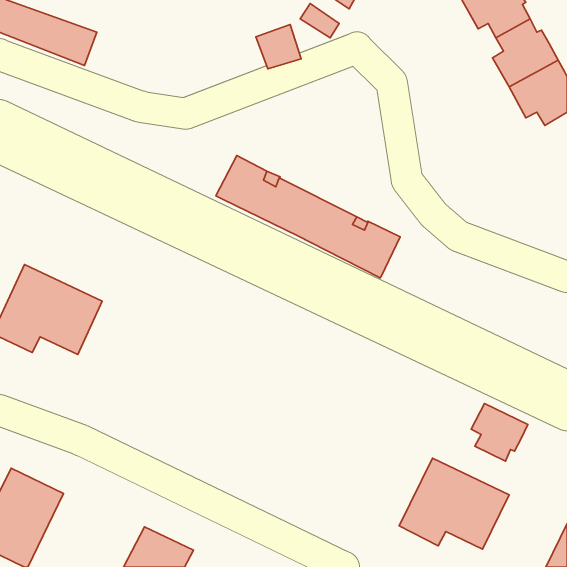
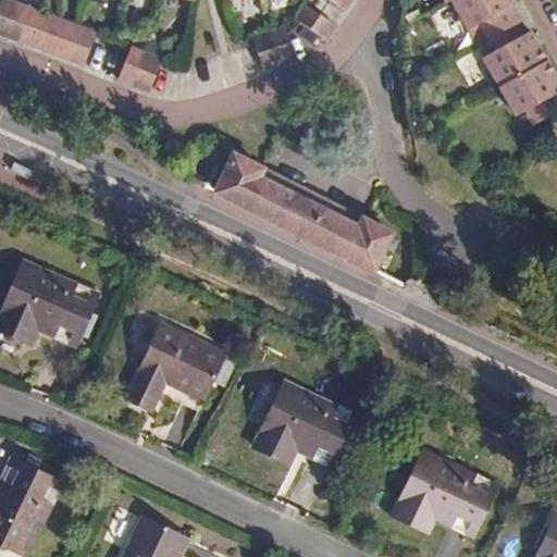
building: none -> [115,47,160,90]
building: none -> [125,322,226,412]
building: none -> [252,380,359,469]
building: [471,403,528,461] -> none

